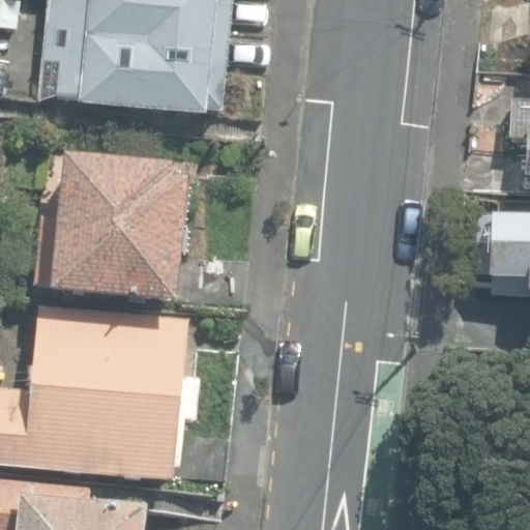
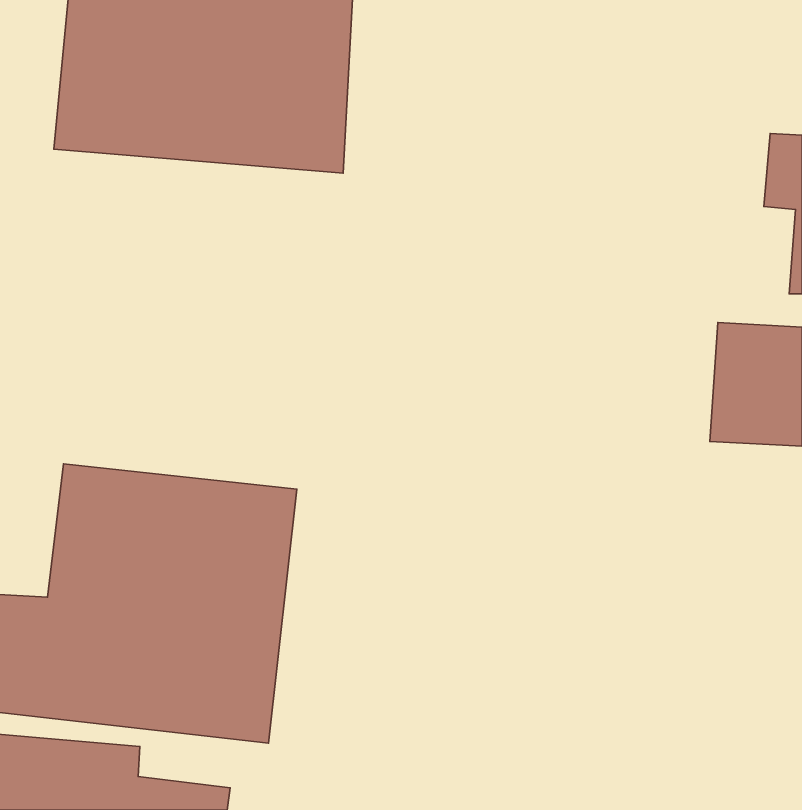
building: [42,152,193,307] -> none

